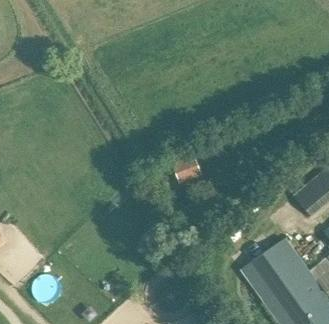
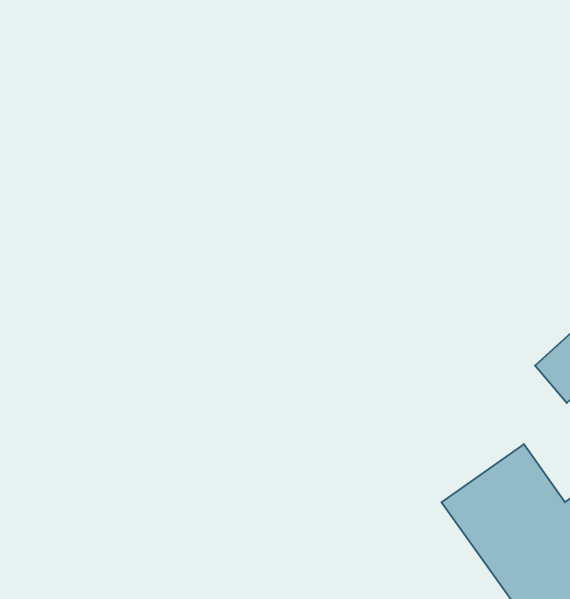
building: [171,152,201,183] -> none

